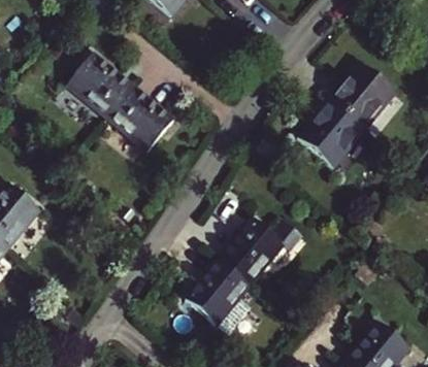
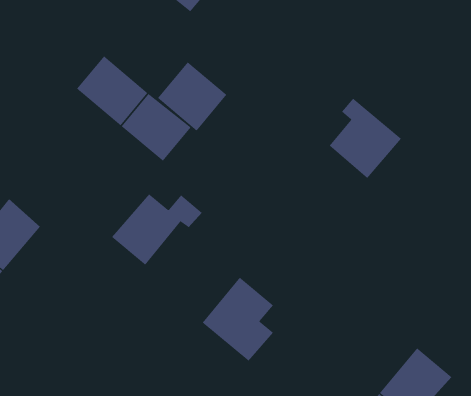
building: none -> [157,61,227,131]
building: [320,62,395,130] -> none
building: [218,215,300,280] -> [111,193,202,265]

